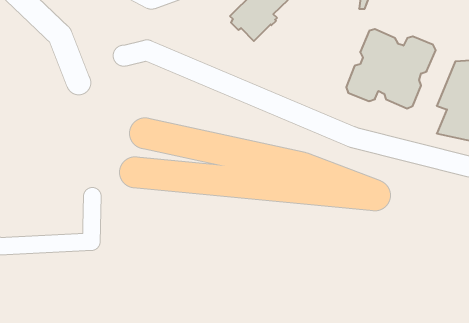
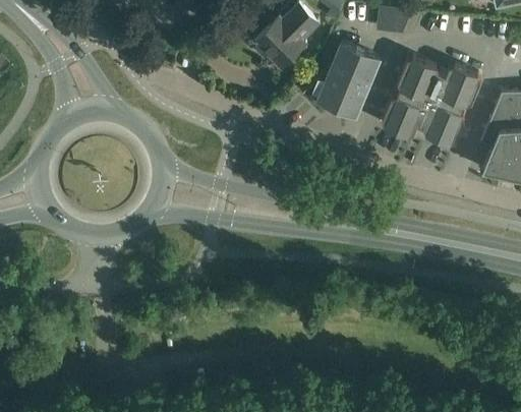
building: none -> [303,43,380,115]

